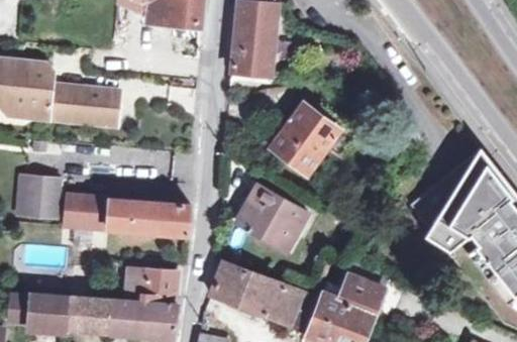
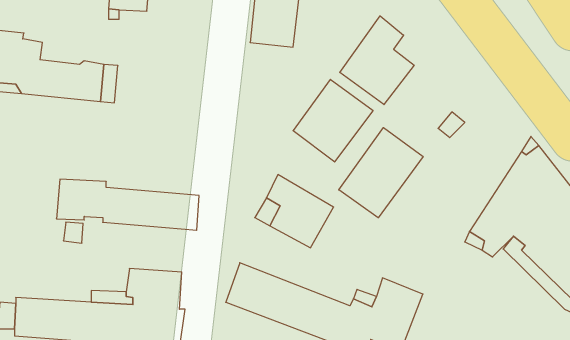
building: none -> [340,16,414,105]
building: none -> [339,128,423,218]
building: [30,178,67,218] -> none

